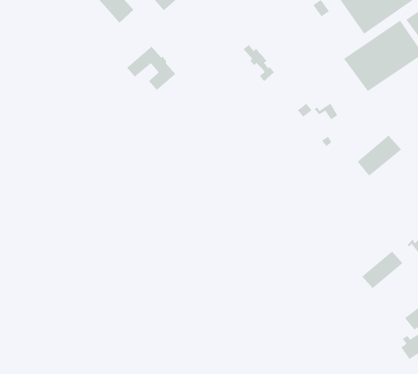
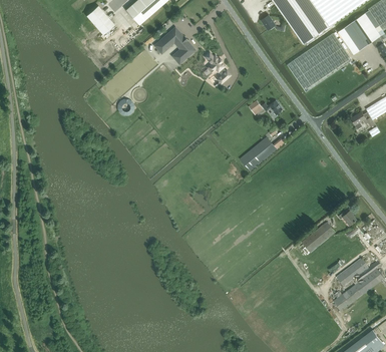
building: [126,46,176,91] -> [154,26,196,63]
building: [357,135,402,177] -> [241,135,278,169]

